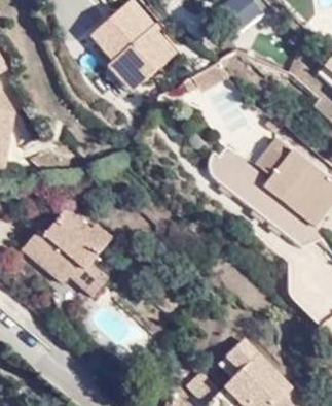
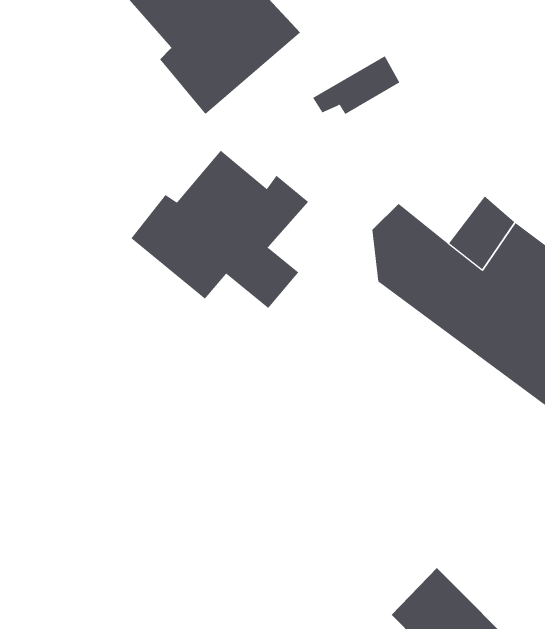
building: [28,212,123,298] -> [131,150,309,309]

